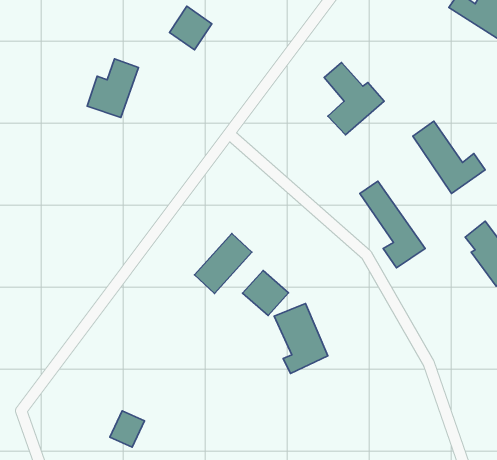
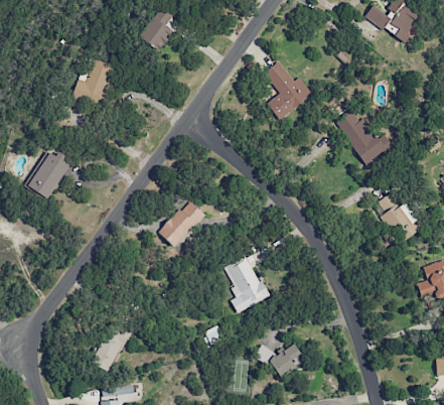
building: none -> [25,151,71,198]
building: [360,181,425,268] -> none
building: [243,271,289,315] -> none
building: none -> [255,345,300,376]

